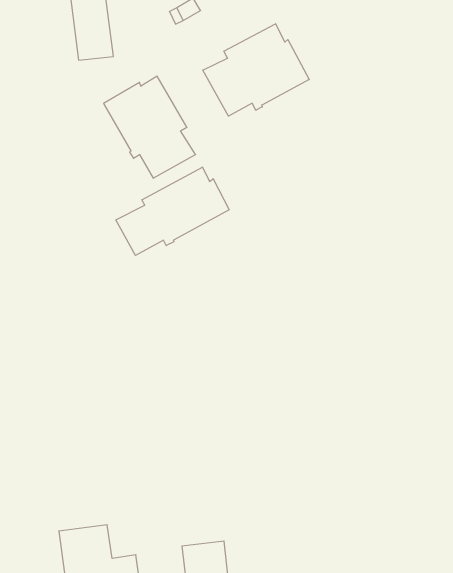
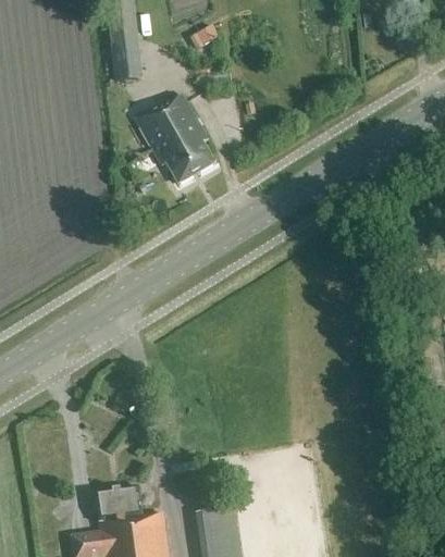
building: [203,24,309,116] -> none
building: [116,167,229,255] -> none

